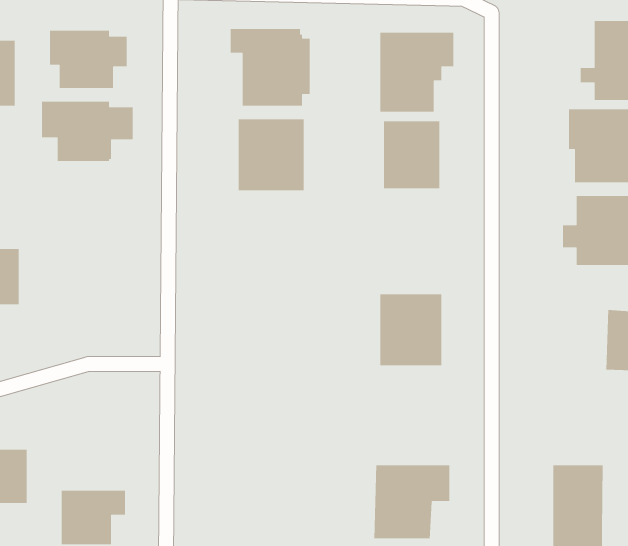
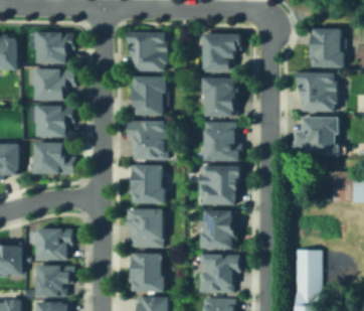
building: none -> [37,107,75,134]
building: none -> [127,121,163,160]
building: none -> [203,124,236,161]
building: none -> [38,142,73,174]
building: none -> [133,166,160,202]
building: none -> [129,211,159,248]
building: none -> [202,211,233,245]
building: none -> [40,229,73,261]
building: none -> [132,256,160,289]

